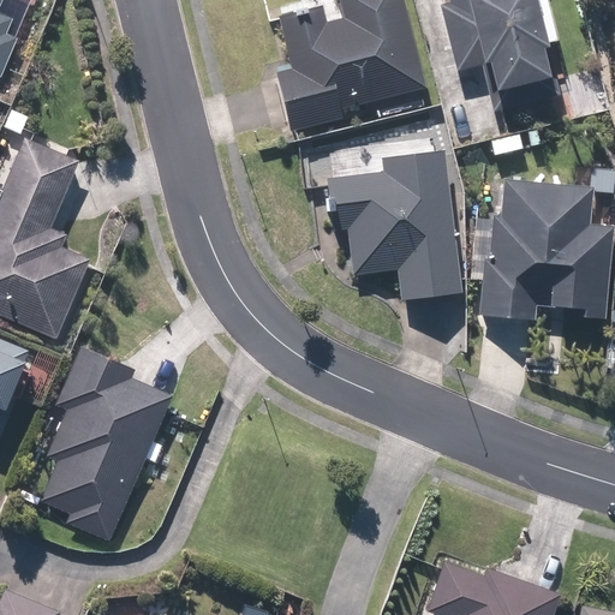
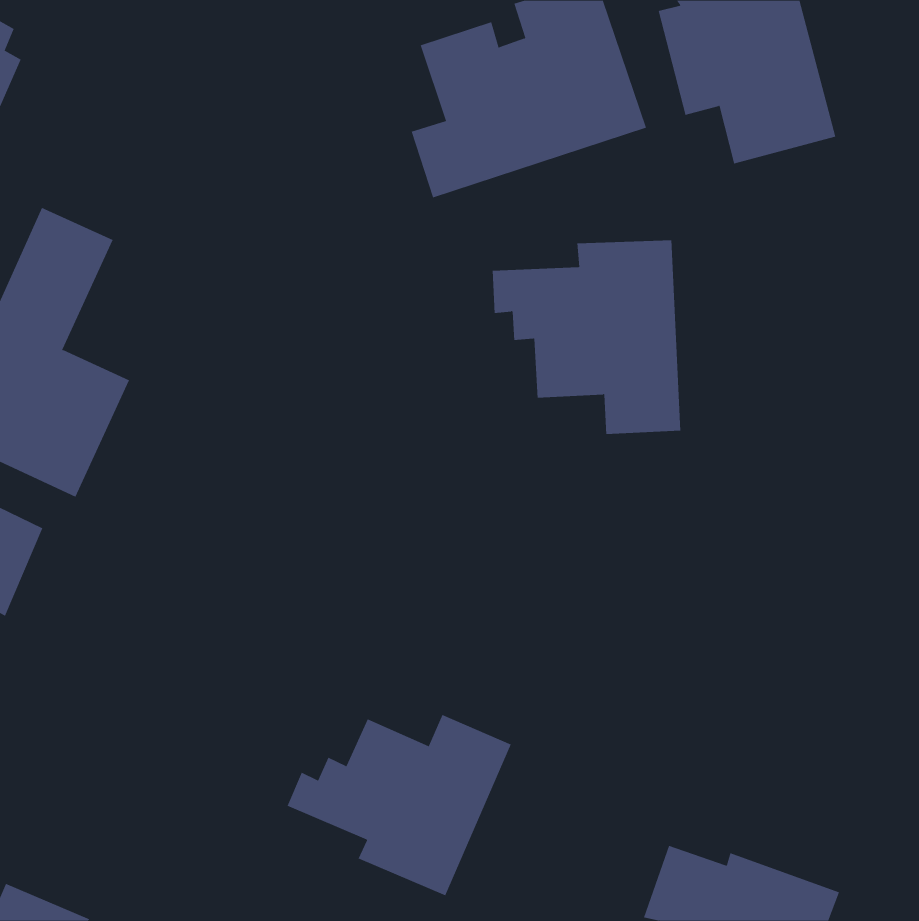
building: [480,185,608,310] -> none
building: [42,347,173,542] -> none
building: none -> [287,714,512,896]

